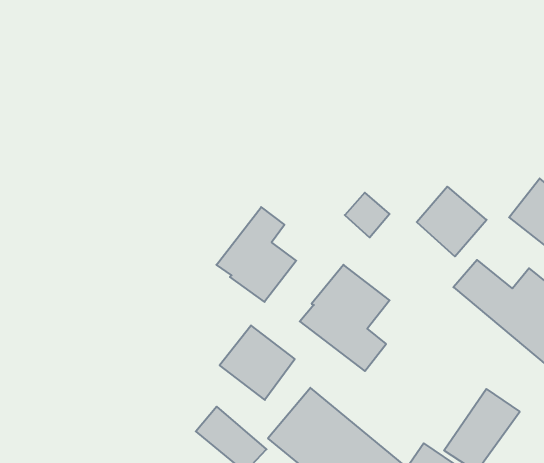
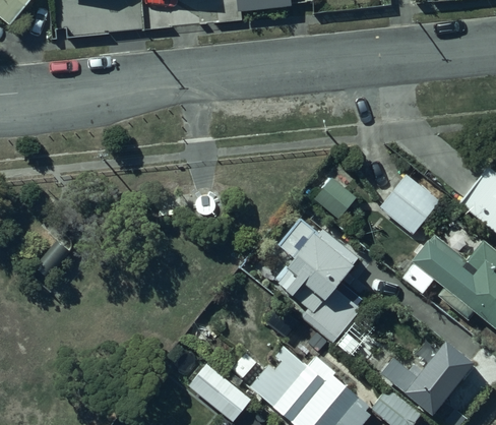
building: [216,207,296,302] -> none
building: [220,325,295,400] -> none

